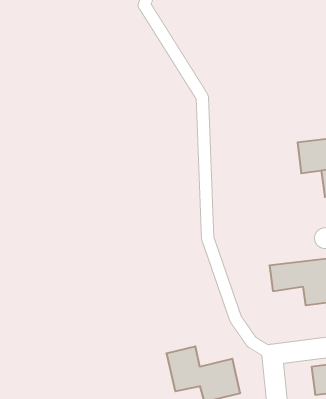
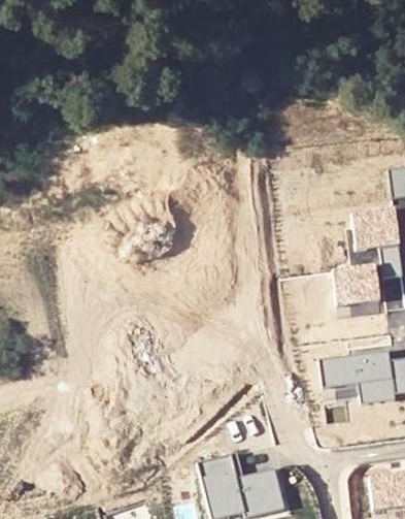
building: none -> [333,265,380,306]

